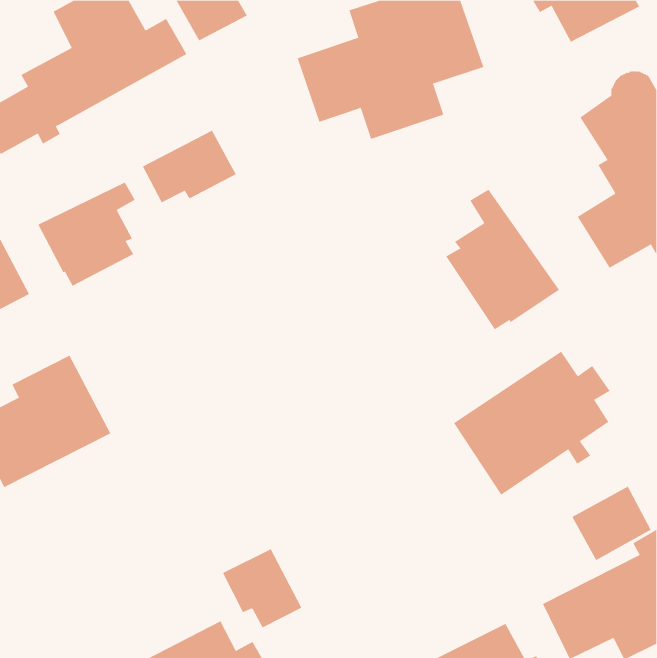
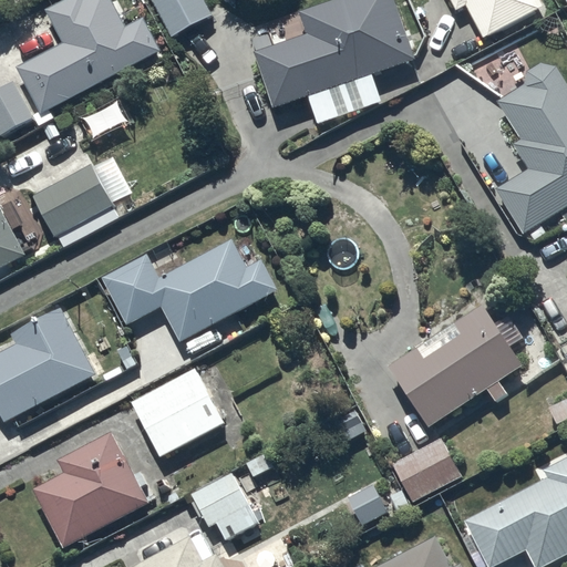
building: [142,130,237,203] -> none
building: [446,189,560,330] -> none
building: none -> [102,237,278,341]
building: none -> [131,367,225,457]
building: [571,486,651,561] -> [391,436,460,501]
building: none -> [31,431,156,548]

